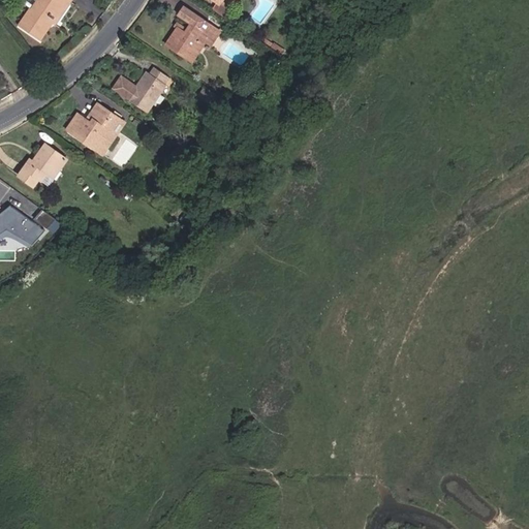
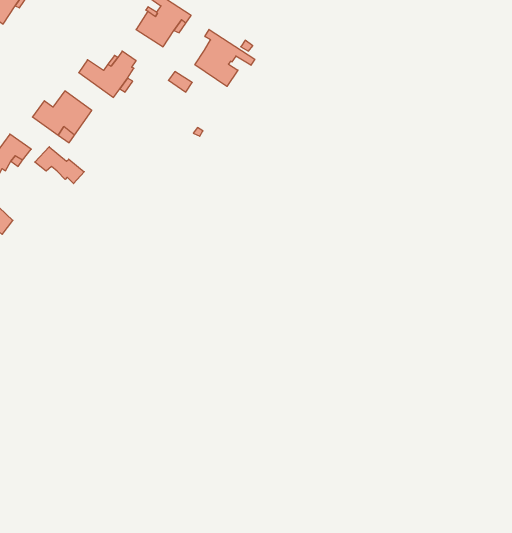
building: none -> [195,29,255,86]
building: none -> [35,147,84,184]

